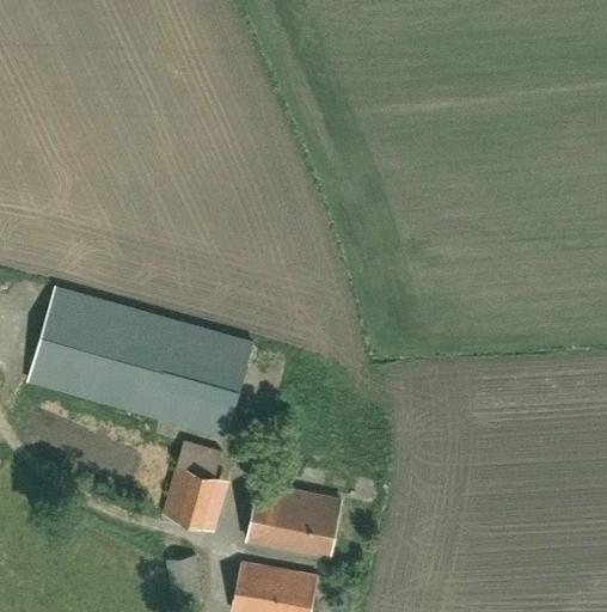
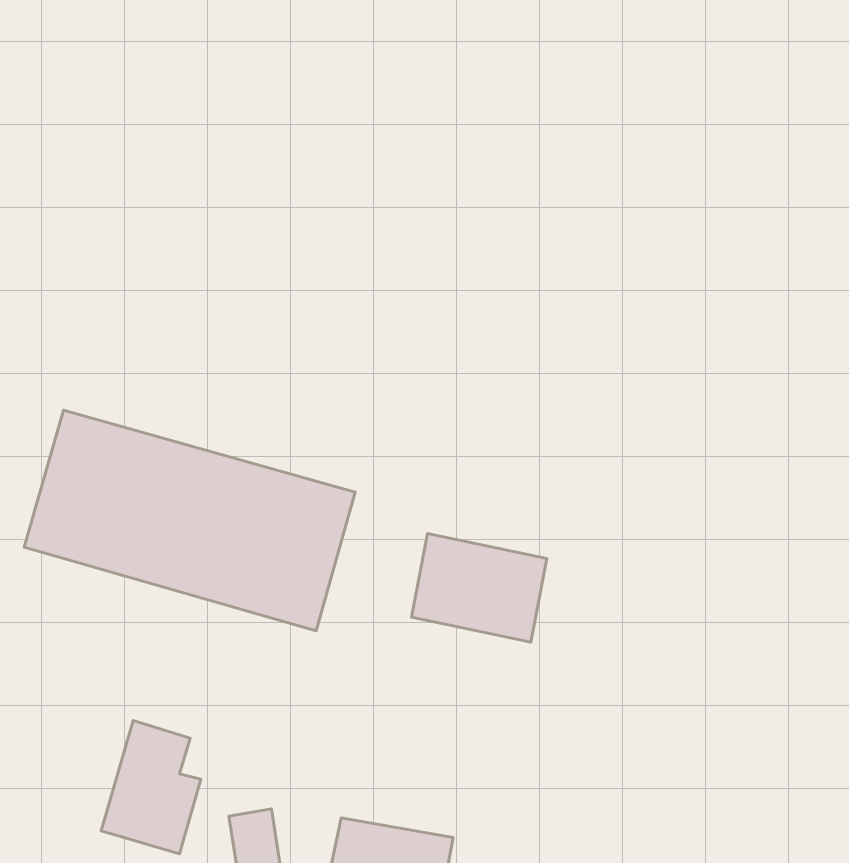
building: [163,440,229,530] -> [101,720,201,854]
building: [249,483,339,556] -> [411,534,547,642]

